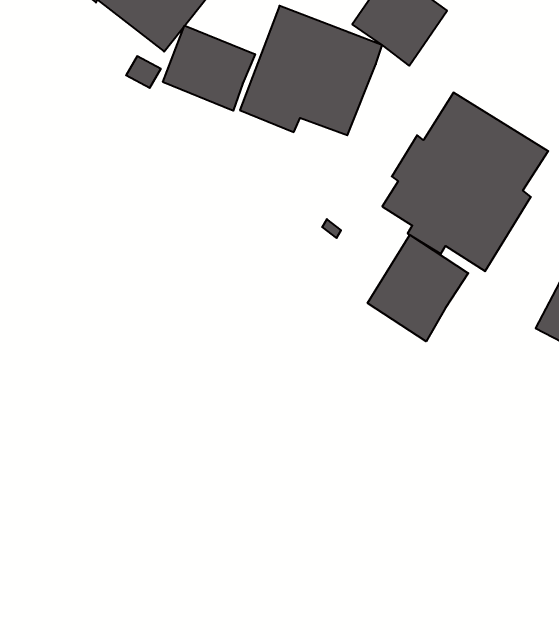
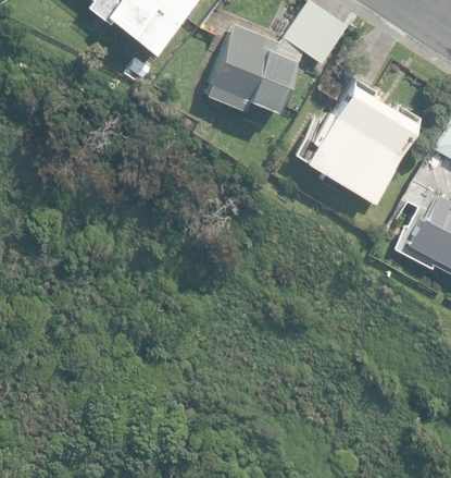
building: [163,26,255,111] -> none
building: [368,235,468,341] -> none

